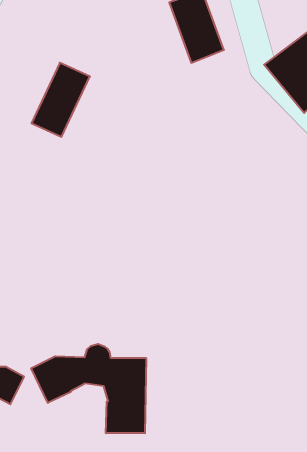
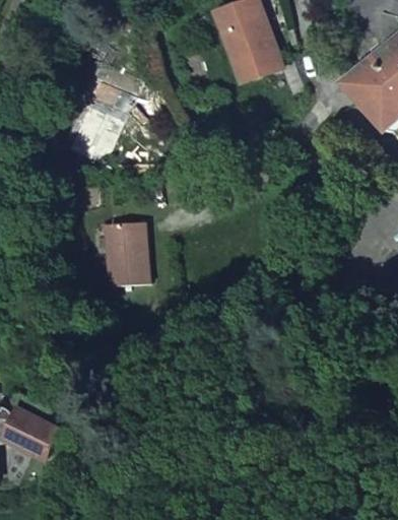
building: none -> [107,221,149,284]
building: [31,344,146,433] -> none

